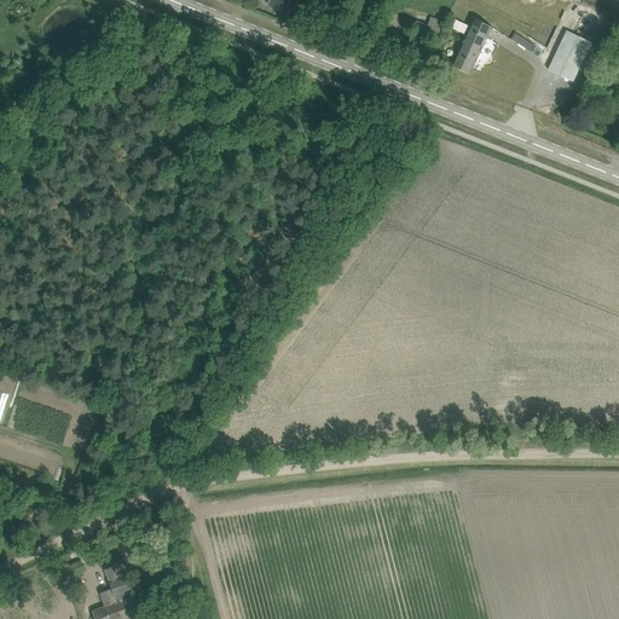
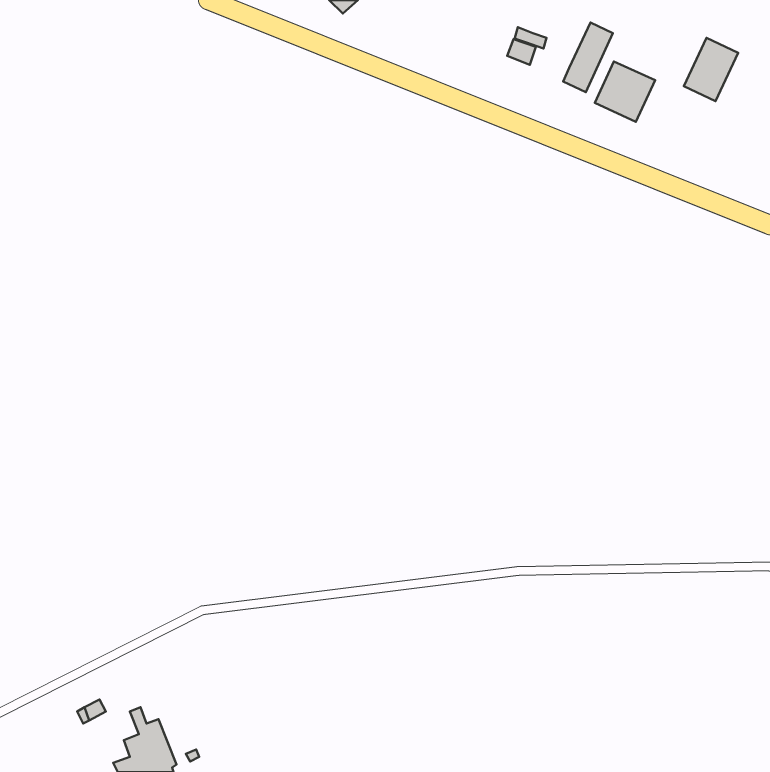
building: none -> [595,62,655,122]

